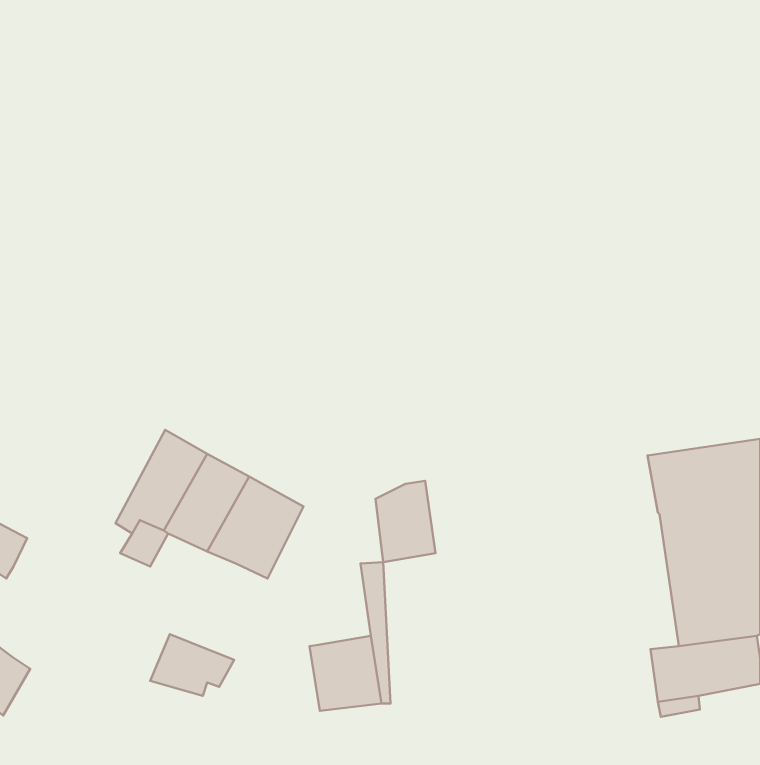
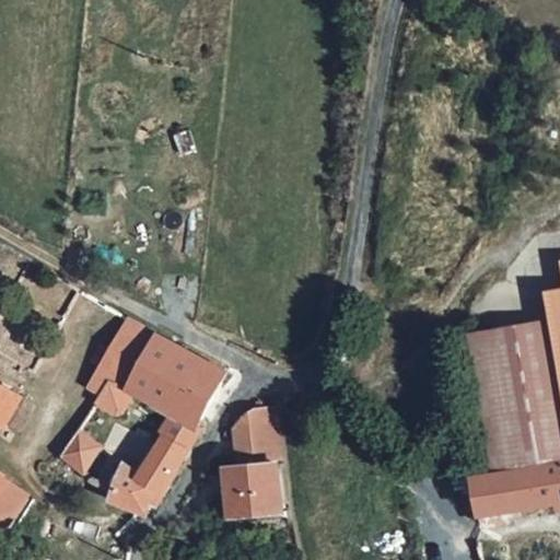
building: [375,481,436,562] -> [226,412,270,471]
building: none -> [140,412,200,482]
building: none -> [51,431,97,479]

